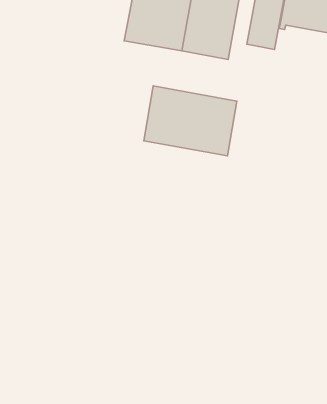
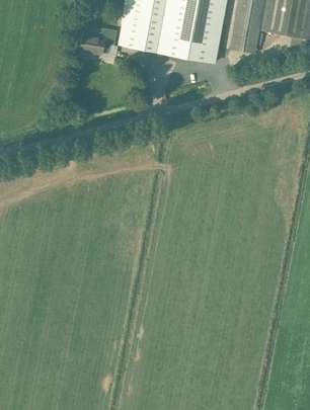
building: none -> [81,28,118,56]
building: [144,86,237,156] -> none

